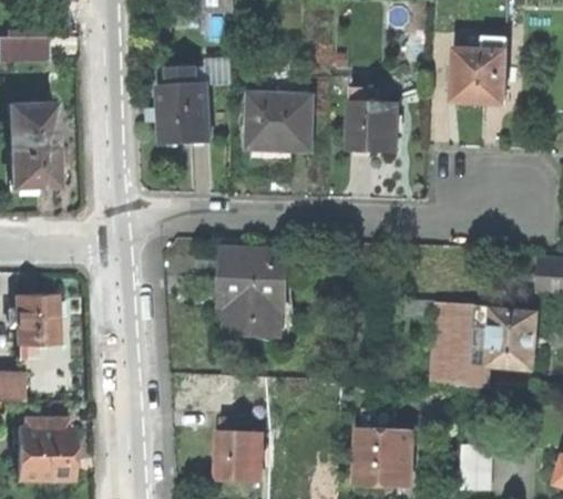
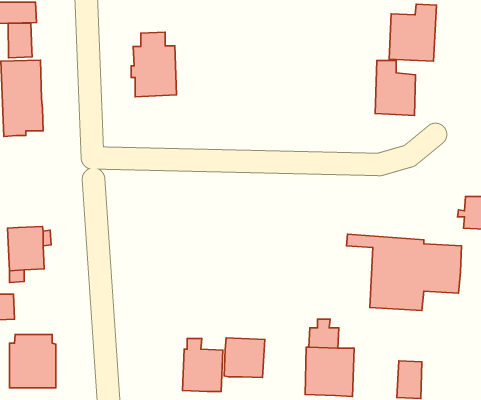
building: none -> [8,23,32,58]
building: [350,89,397,152] -> [375,60,416,115]
building: [246,94,309,160] -> none
building: [223,252,289,336] -> none
building: none -> [224,338,265,378]

